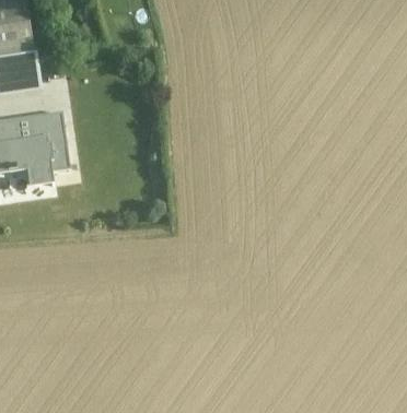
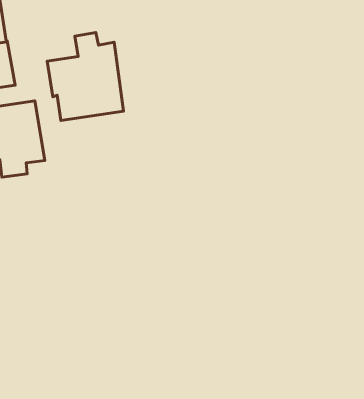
building: none -> [47,33,123,121]

